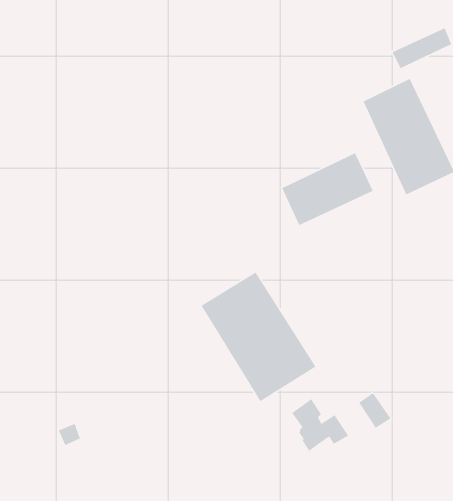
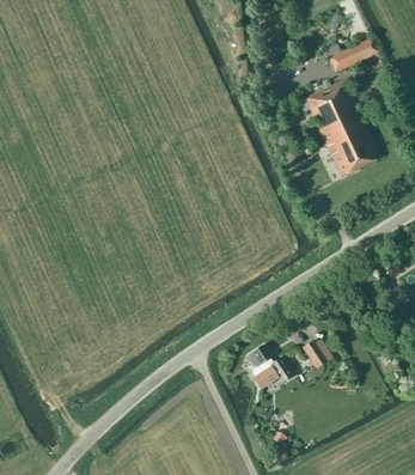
building: [281,152,374,226] -> none
building: [200,272,317,402] -> none

